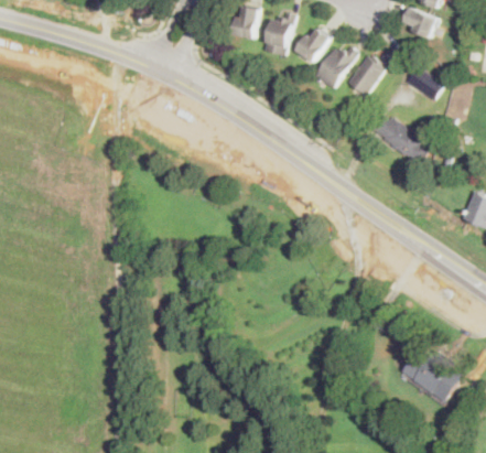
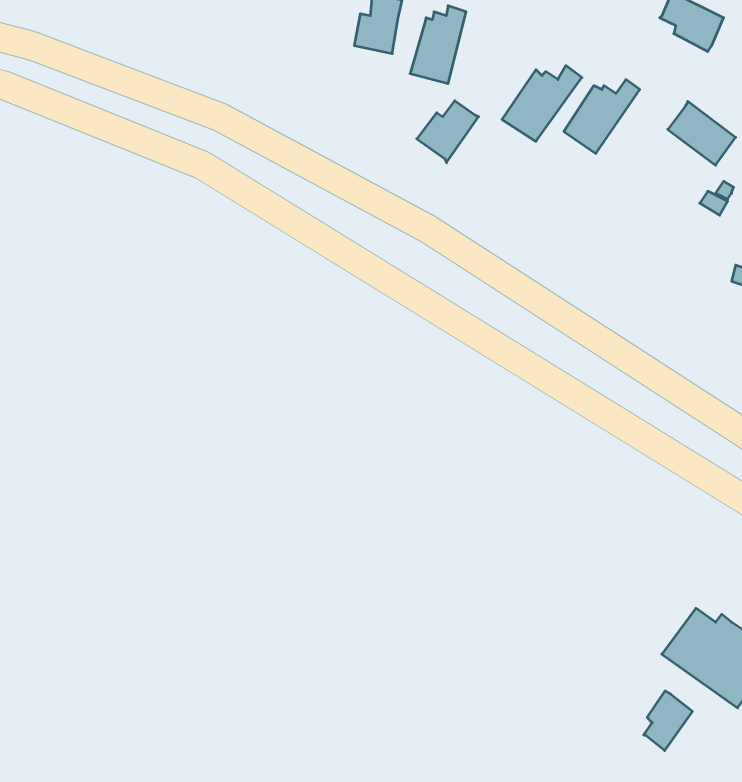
building: [294,29,328,63] -> [417,101,479,163]
building: [371,115,426,163] -> none
building: none -> [644,691,692,751]

